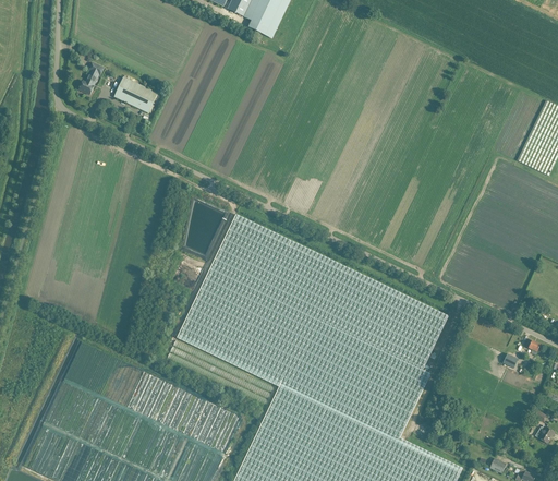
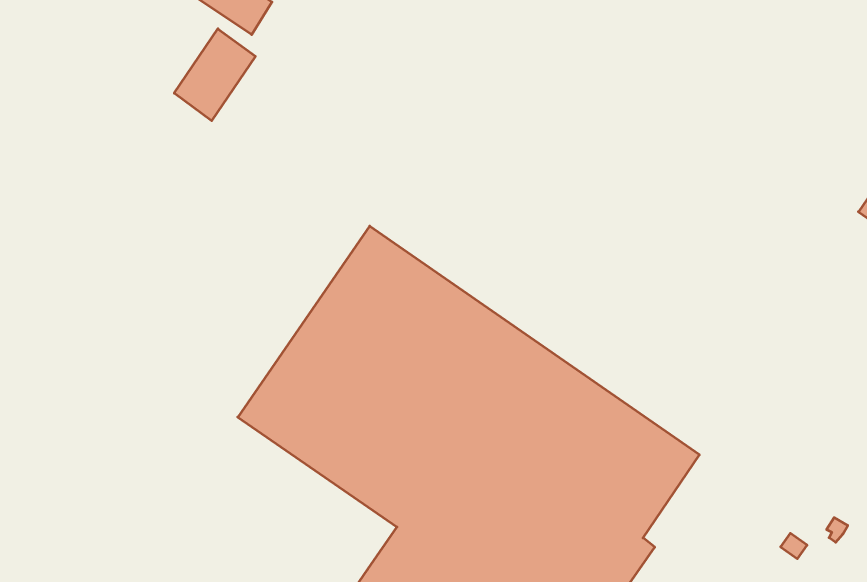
building: none -> [174,29,255,121]

